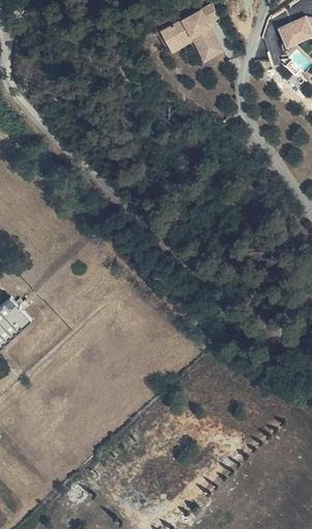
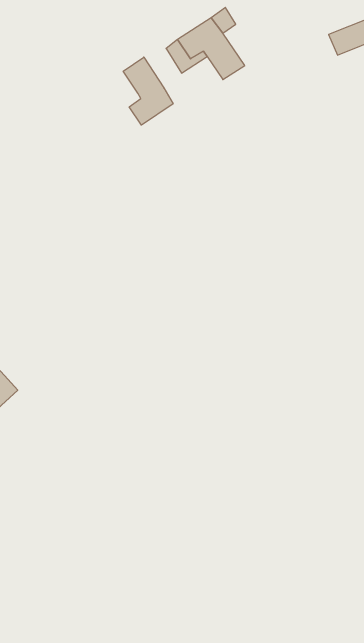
building: none -> [123,57,173,125]

